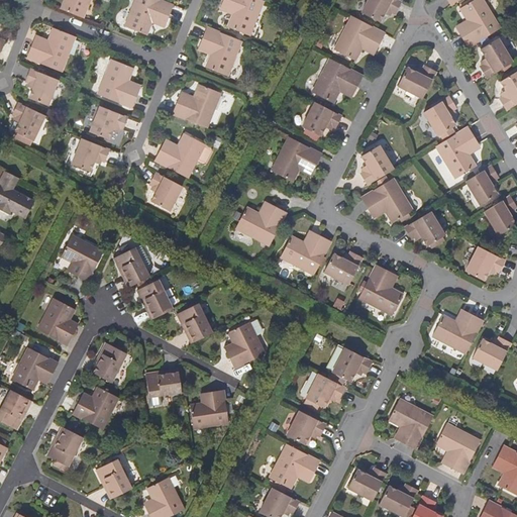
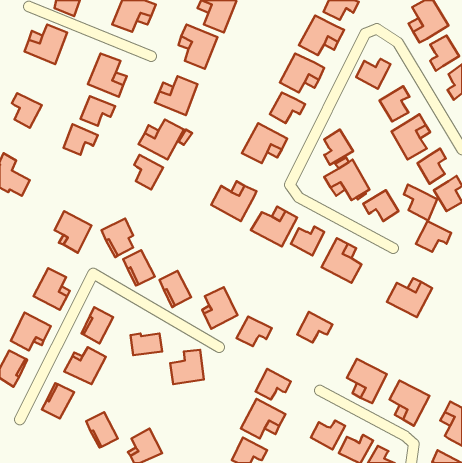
building: [24,70,58,107] -> none
building: none -> [404,184,437,220]
building: [472,337,510,370] -> none
building: [304,375,343,408] -> [236,316,272,346]

